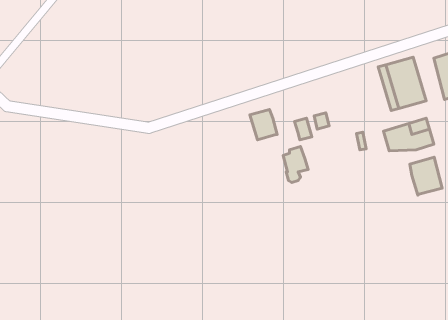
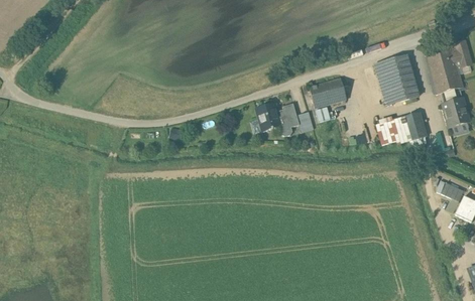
building: none -> [309,78,346,107]
building: [283,147,308,183] -> [276,103,300,136]
building: [410,157,442,195] -> none

